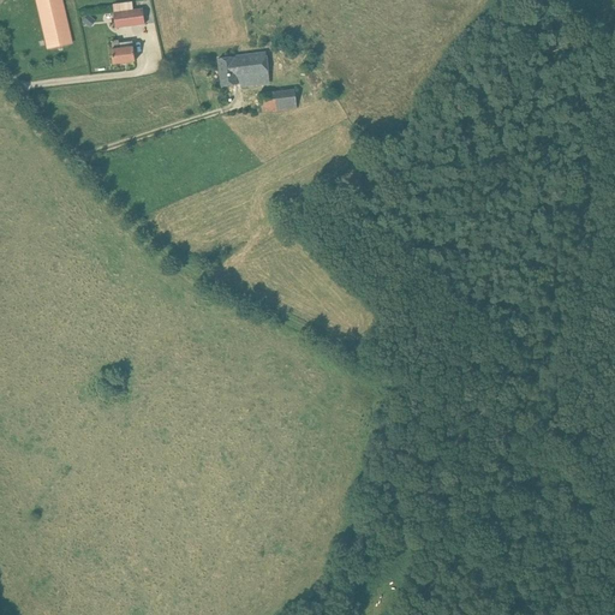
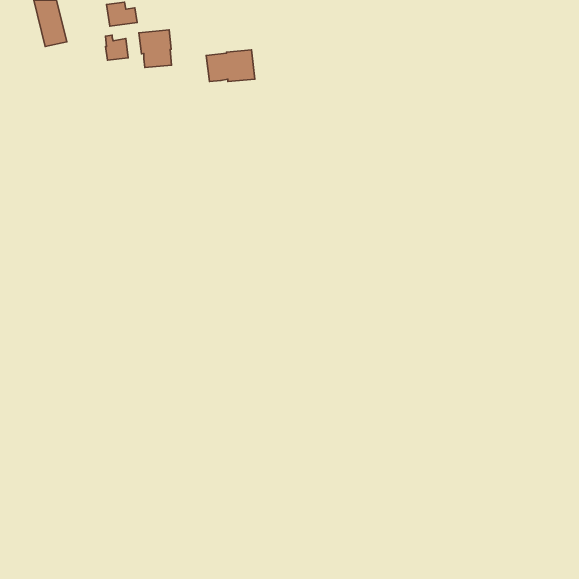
building: none -> [139,30,172,68]
building: [261,89,297,113] -> none

